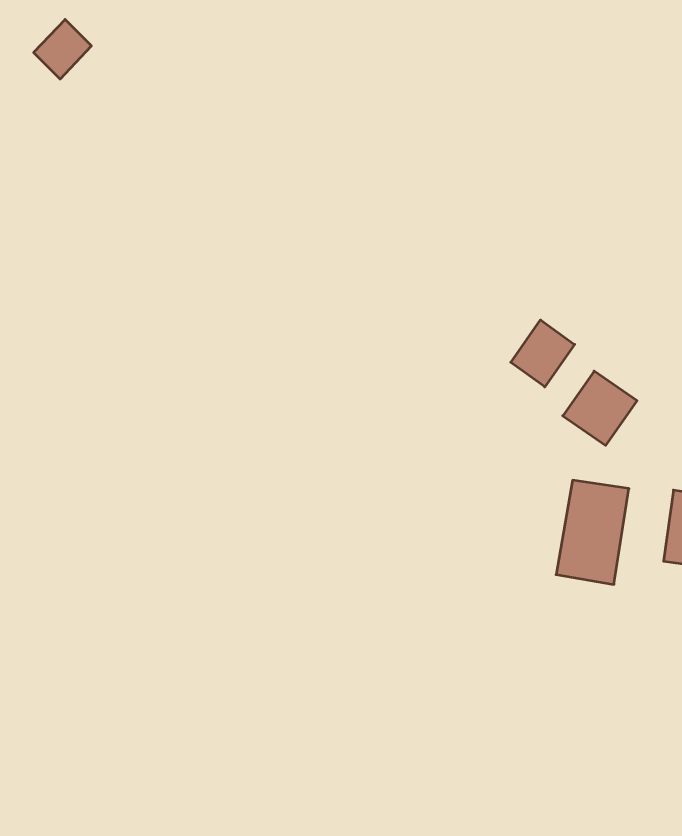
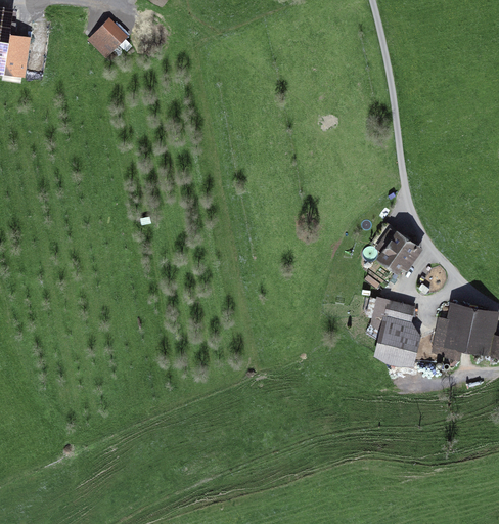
building: [34,19,91,79] -> [87,18,123,55]
building: [511,320,575,387] -> none

